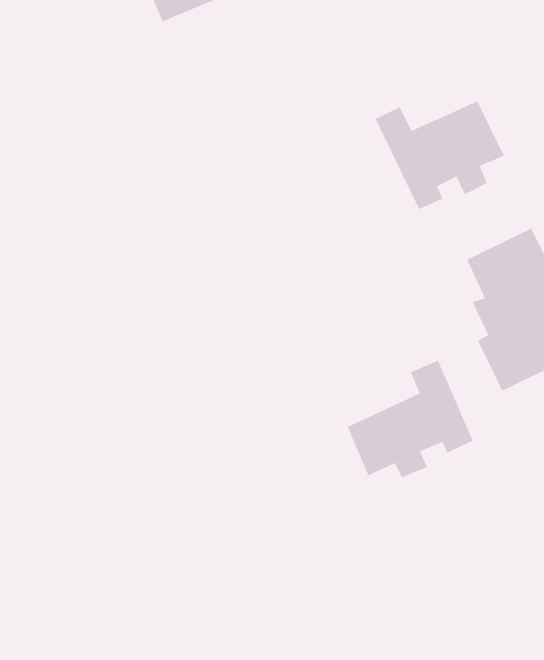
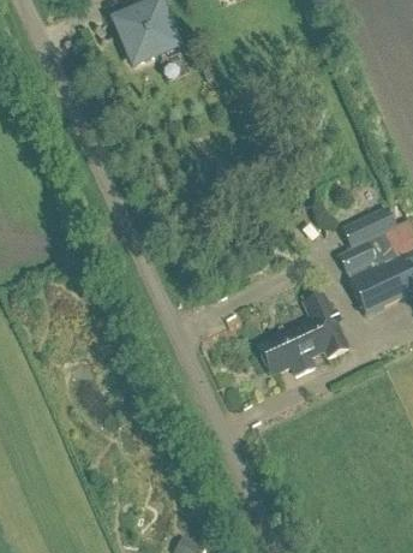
building: [375,101,505,210] -> none

